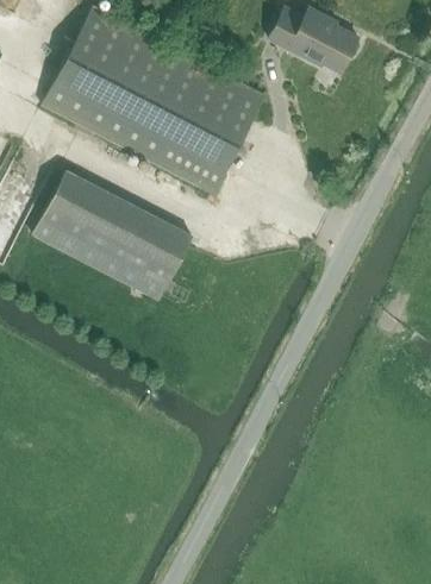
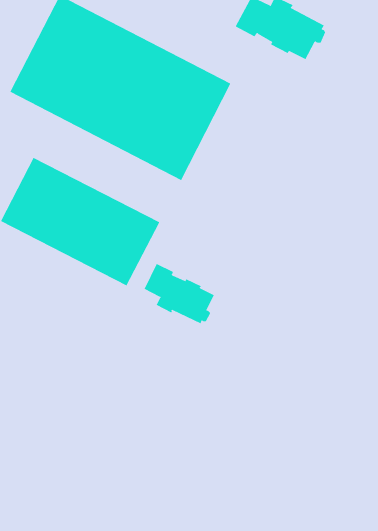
building: none -> [144,263,214,324]

